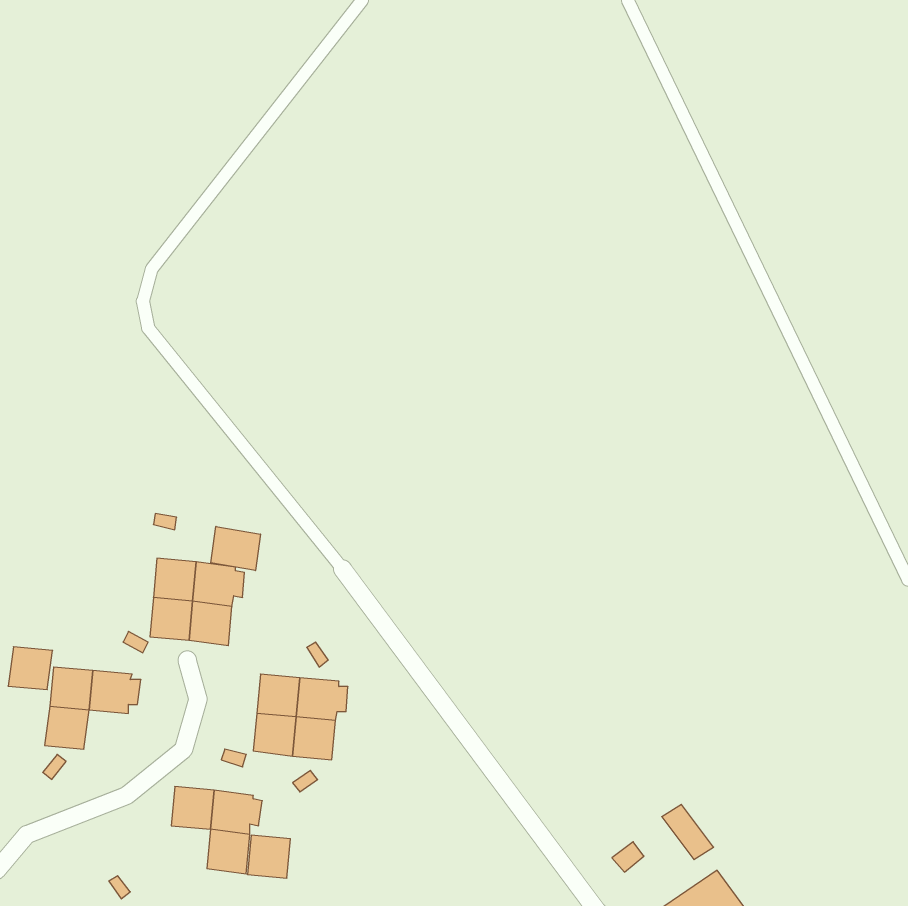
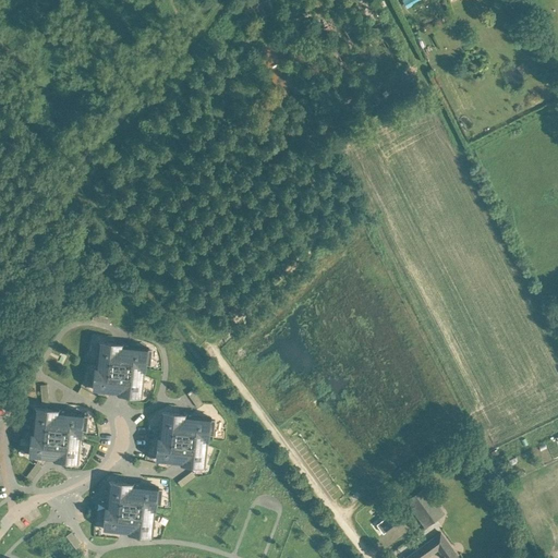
building: [211,526,260,571] -> none
building: [8,647,53,690] -> [51,437,78,463]
building: [248,835,290,878] -> [102,508,129,534]

